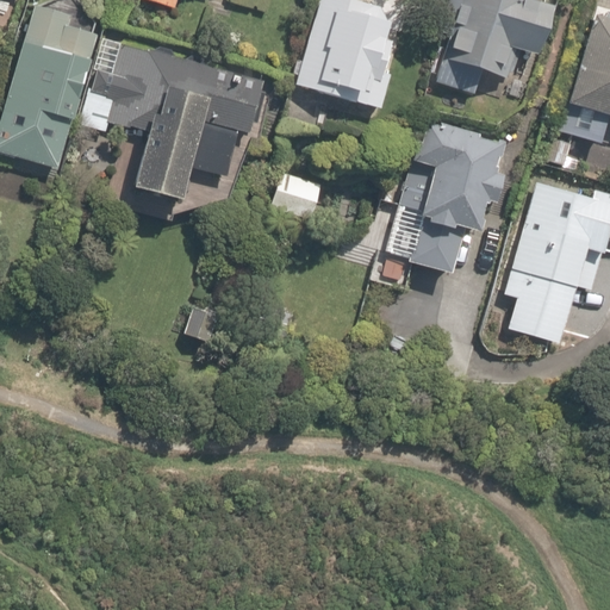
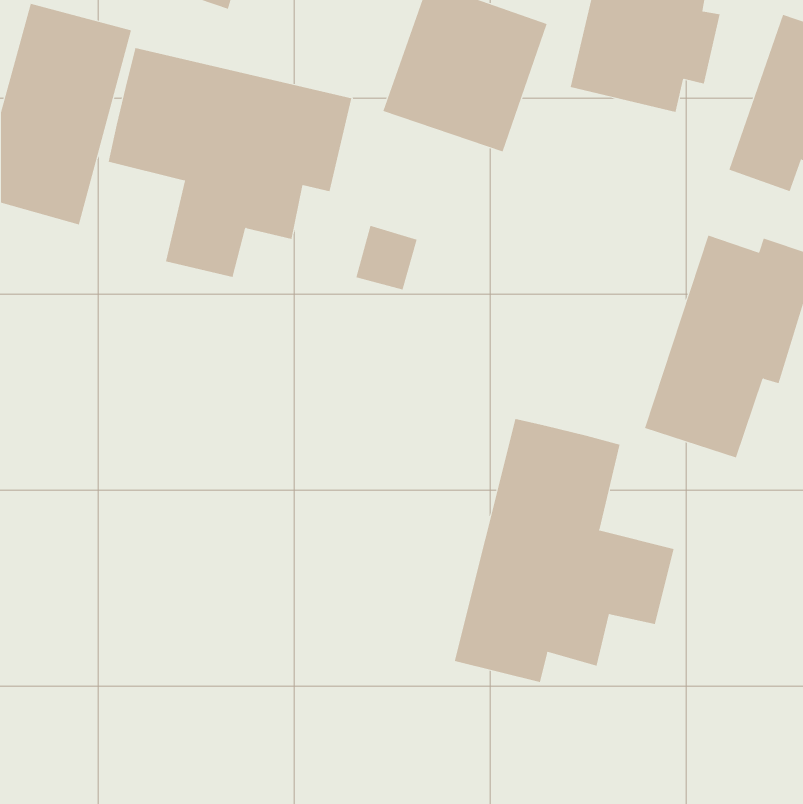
building: [399,118,508,287] -> none
building: none -> [454,418,674,683]

